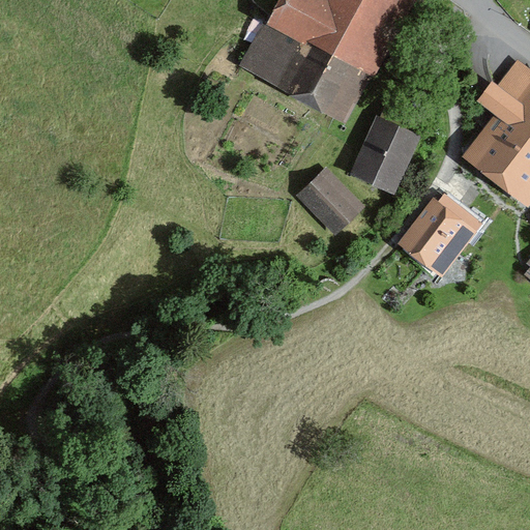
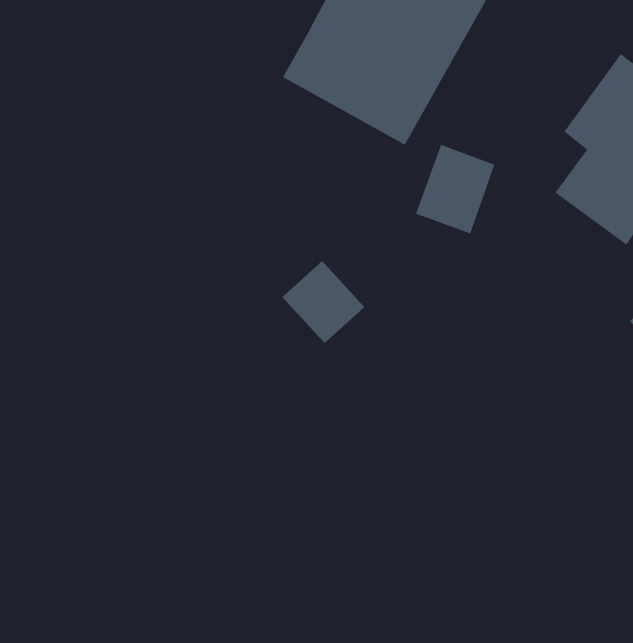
building: [295,165,363,233] -> [282,260,365,344]
building: [403,194,483,281] -> none

